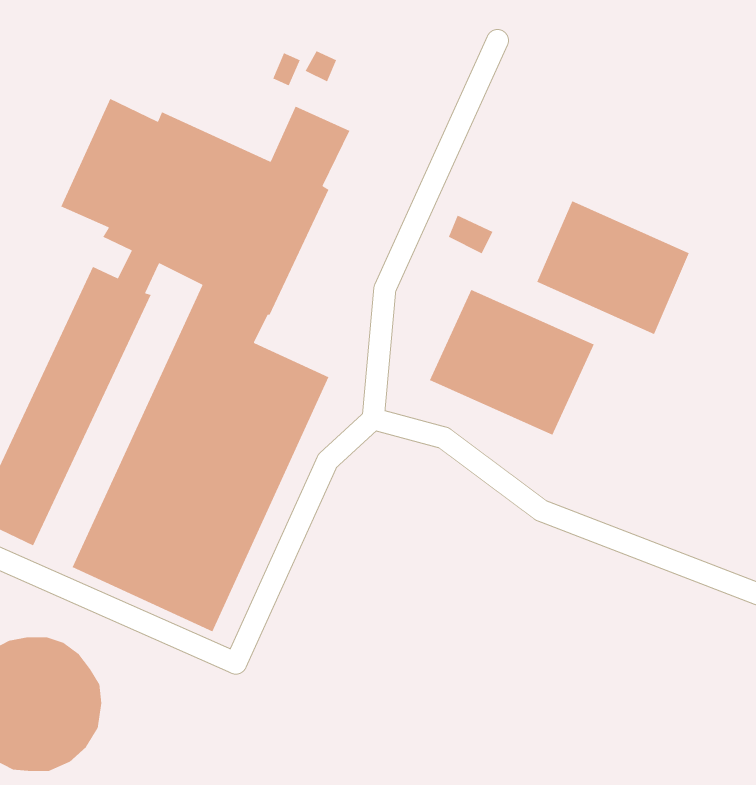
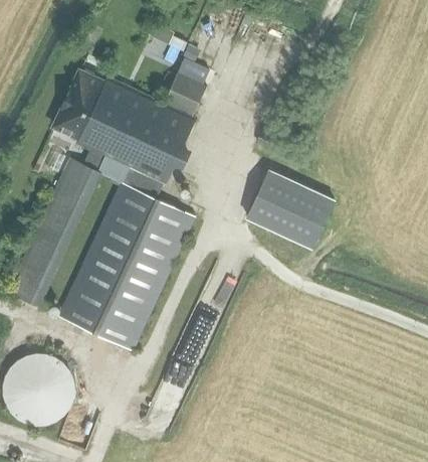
building: [536,200,690,335] -> none

